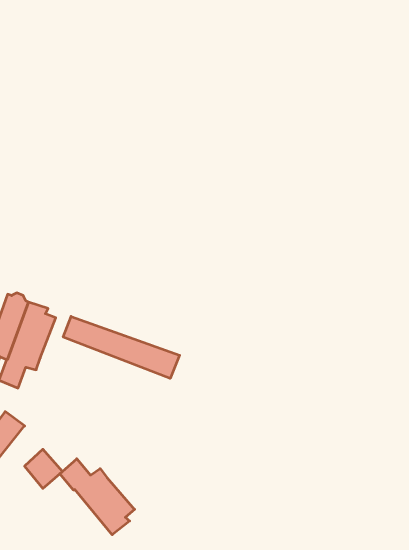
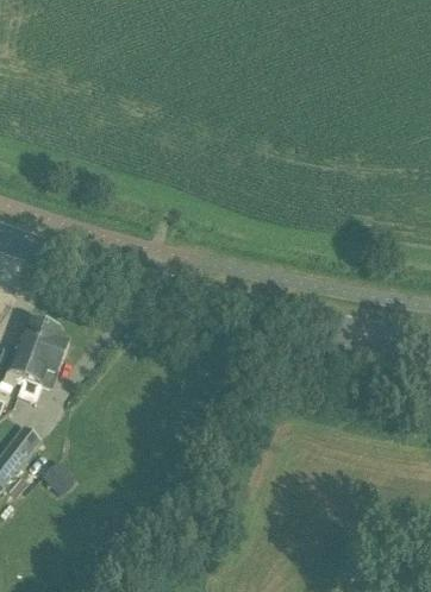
building: [63,316,180,378] -> none
building: [60,459,135,535] -> none

